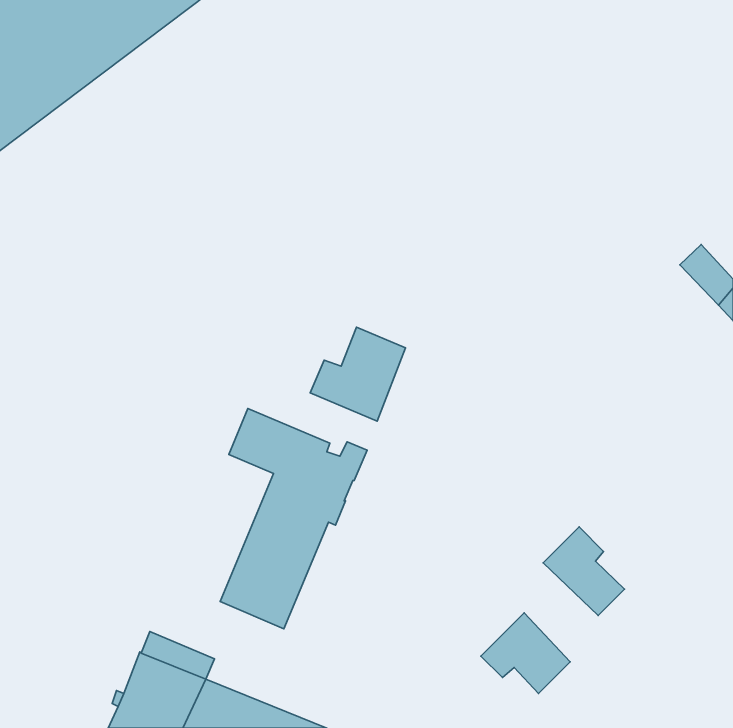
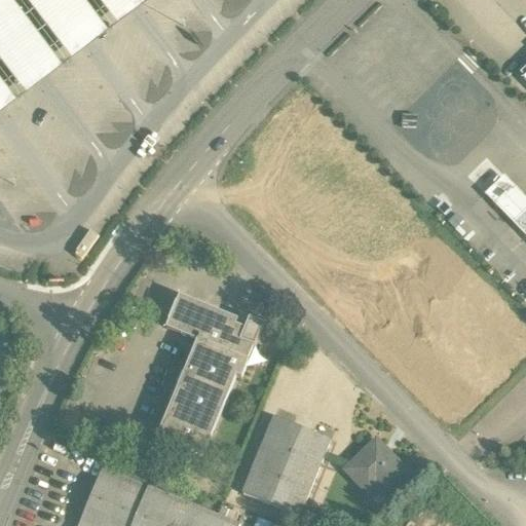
building: [310,327,406,421] -> none
building: [543,527,625,616] -> none
building: none -> [240,415,329,515]

